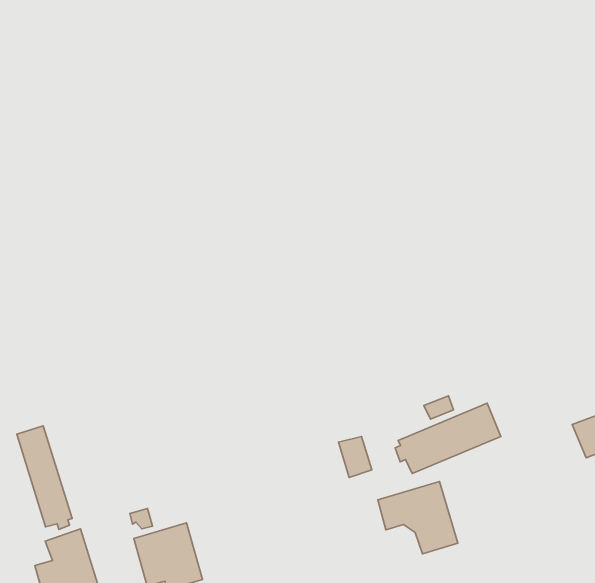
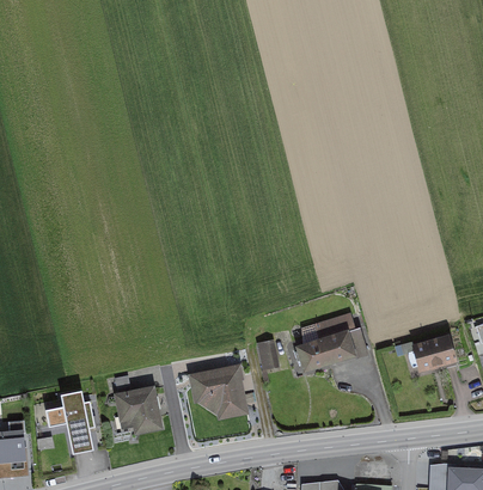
building: [17,426,72,529] -> none
building: [378,482,458,554] -> [194,369,244,416]

